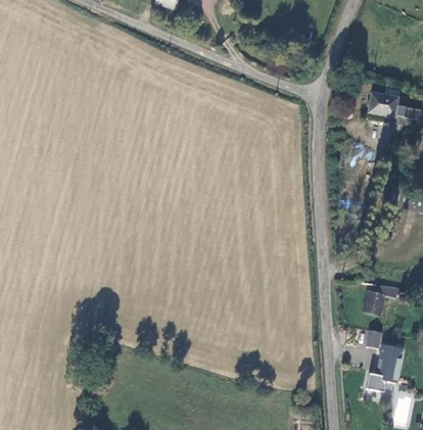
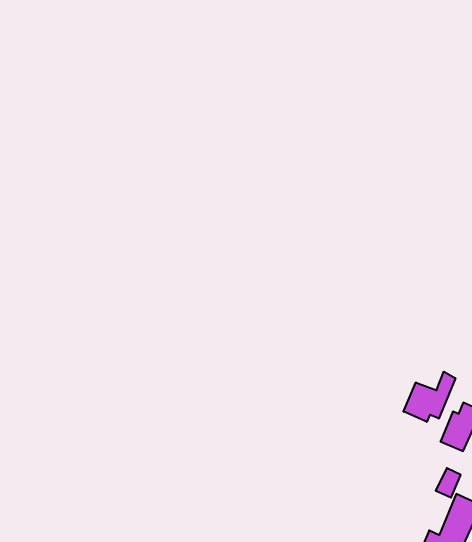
building: none -> [403,372,455,422]

